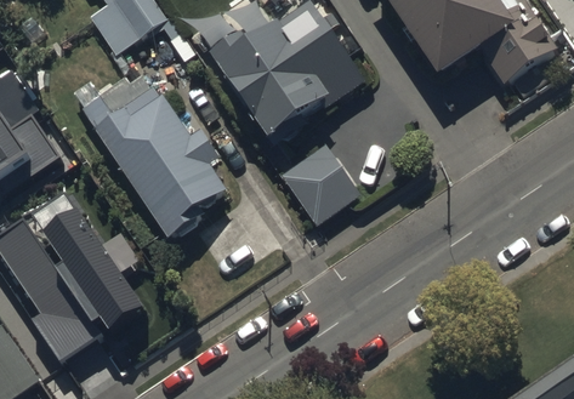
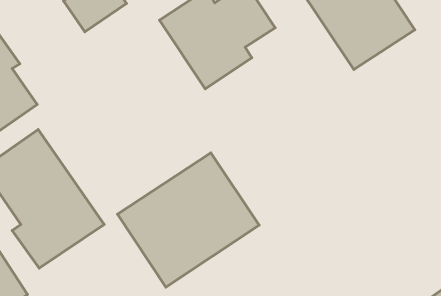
building: [83,73,237,252] -> none
building: [277,135,354,211] -> none
building: none -> [118,153,259,287]

